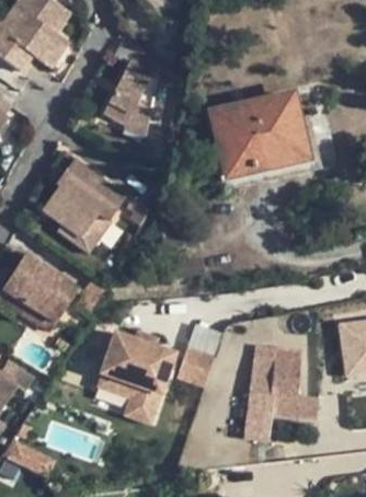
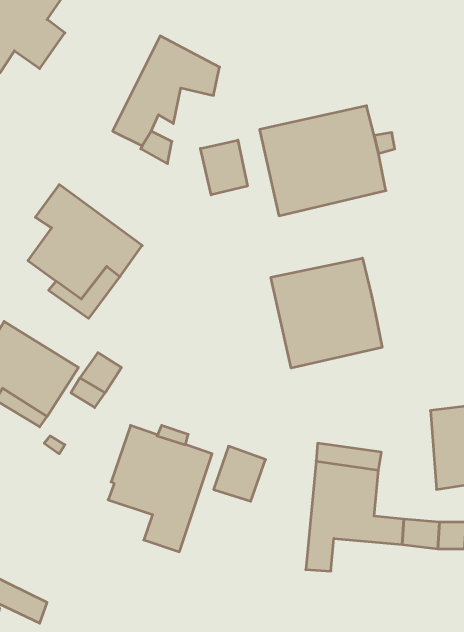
building: none -> [200,140,247,195]
building: none -> [271,258,382,368]

